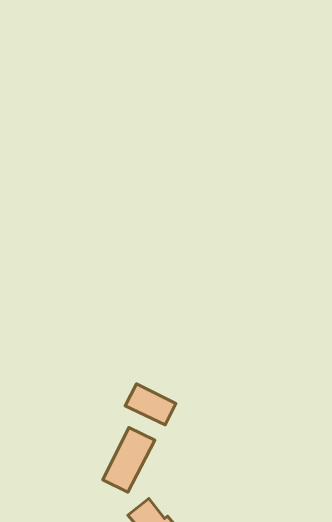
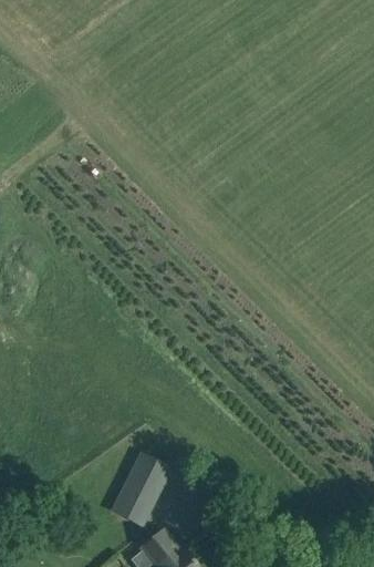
building: [125,384,176,425] -> none

